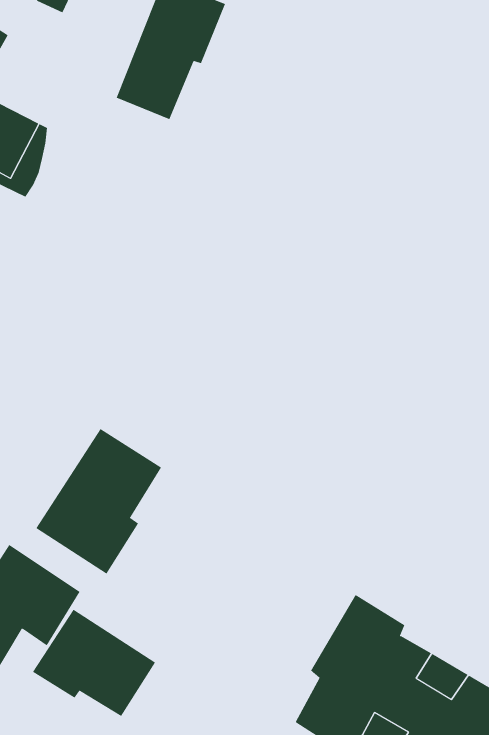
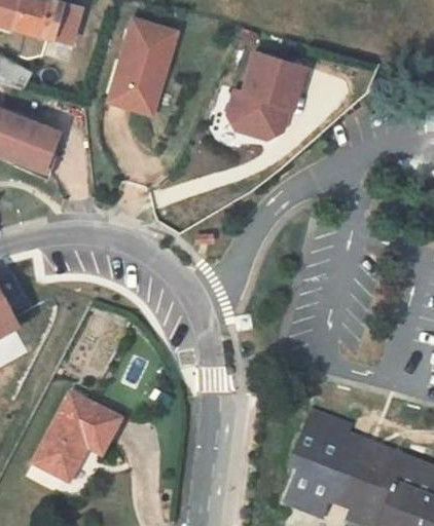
building: none -> [228,45,305,135]
building: [36,428,162,575] -> none
building: [32,609,156,717] -> none

